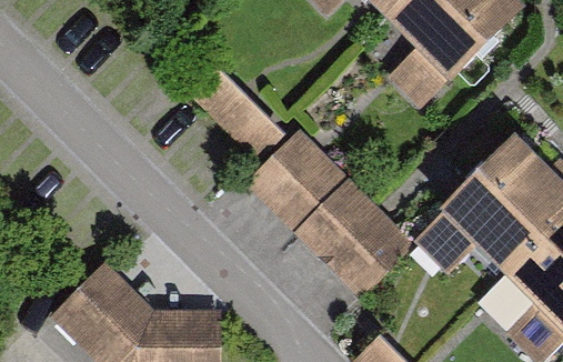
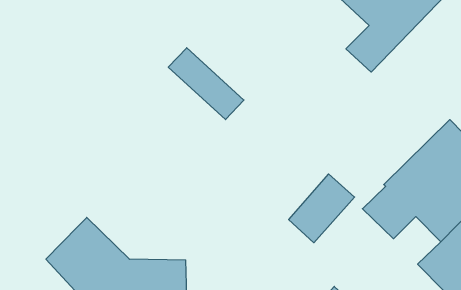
building: [253,133,372,251] -> none

